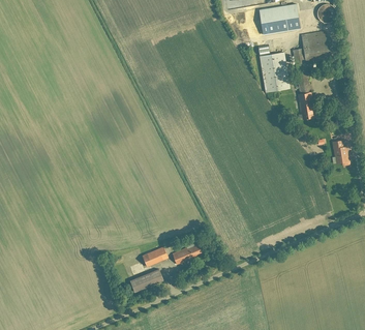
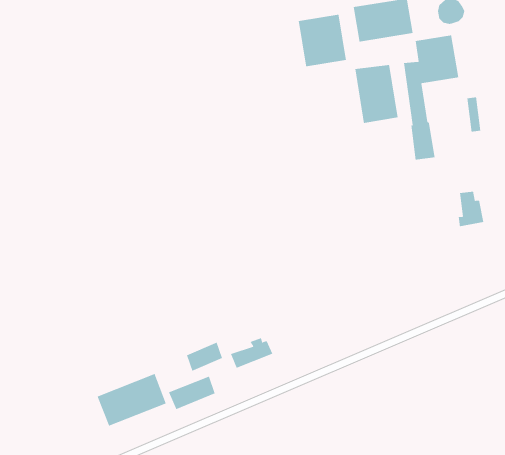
building: none -> [298,14,346,67]
building: none -> [97,373,167,426]

